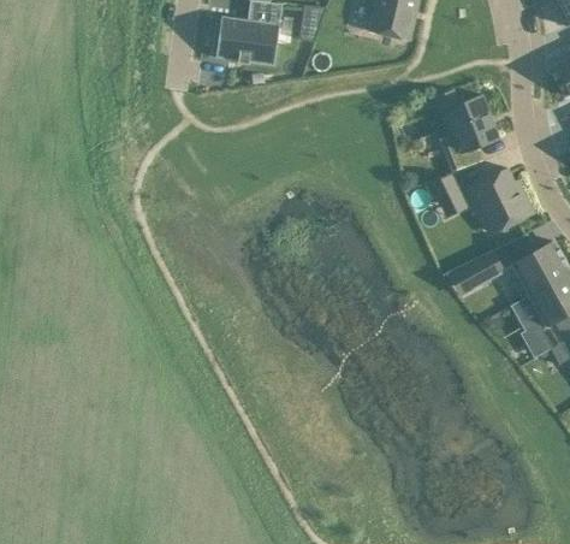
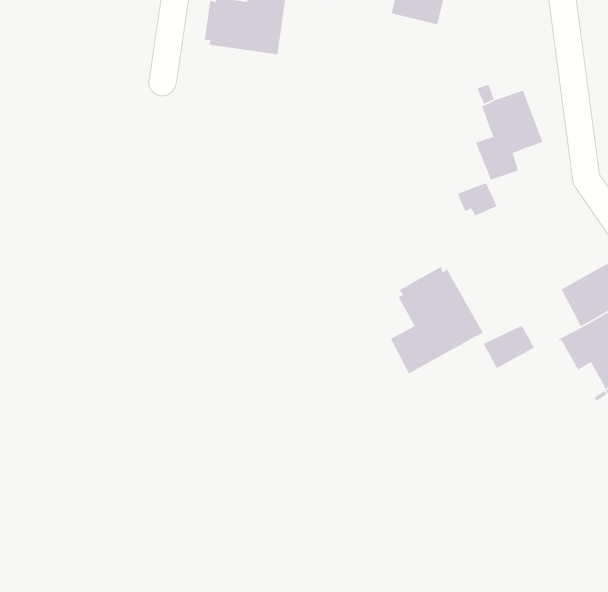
building: [468,166,535,232] -> none
building: none -> [390,266,484,375]
building: [461,249,505,286] -> [482,325,535,369]

